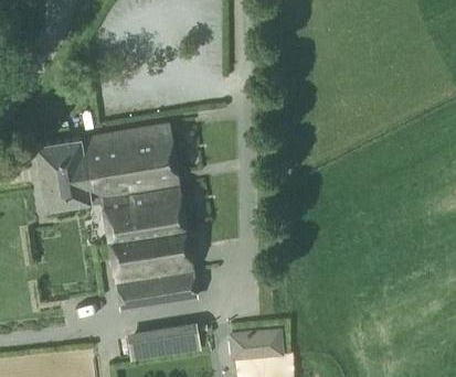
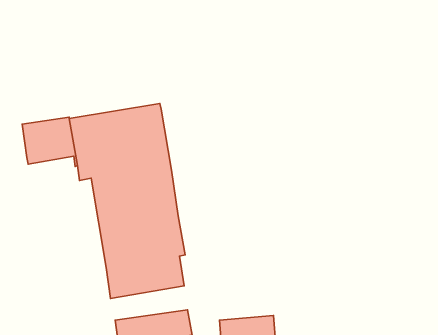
building: [43,175,93,207] -> none

